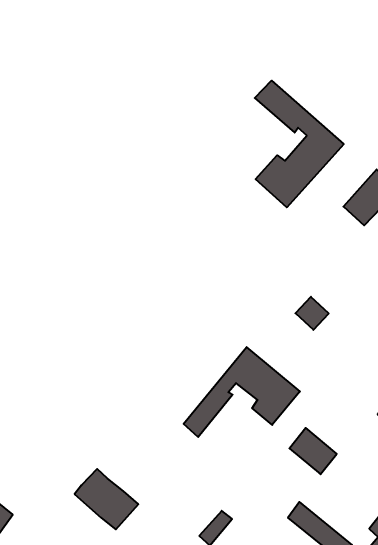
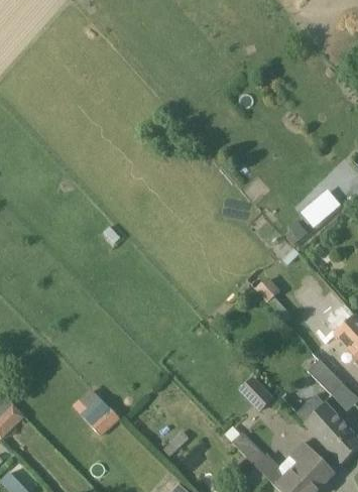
building: [255,81,344,207] -> none
building: [184,347,300,437] -> none

